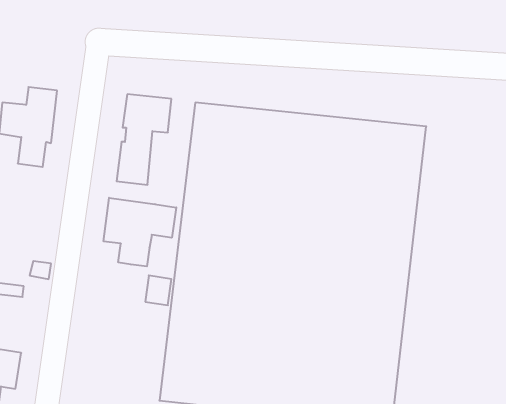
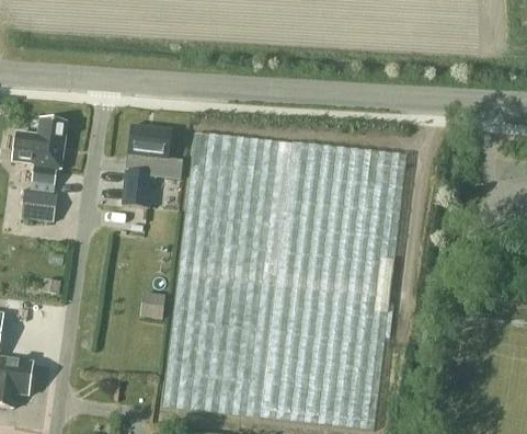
building: none -> [21,190,57,220]
building: [104,198,176,266] -> none

